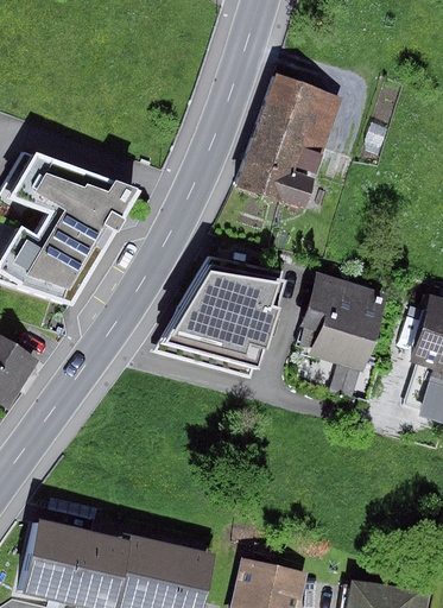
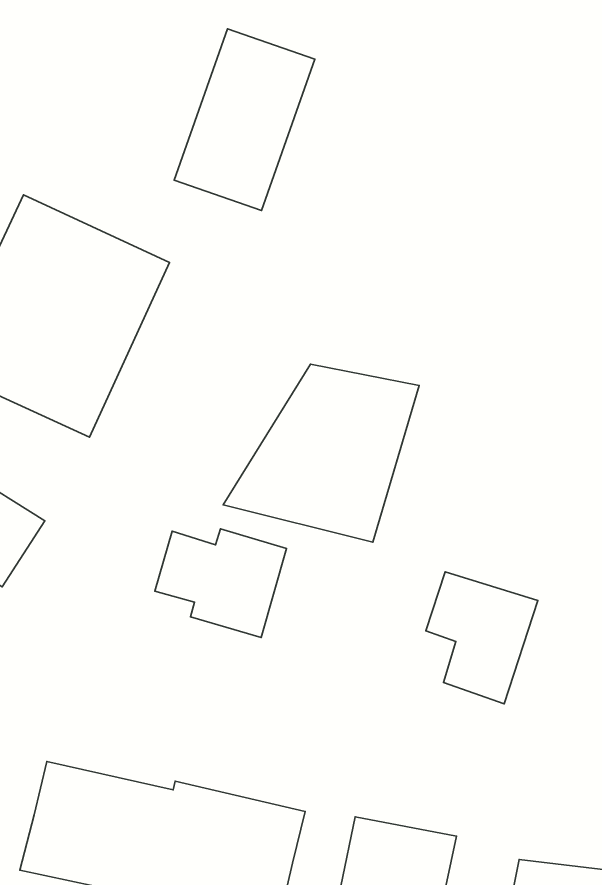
building: [242,82,336,203] -> [174,29,315,211]
building: [304,278,379,366] -> [426,572,538,704]
building: none -> [155,529,286,638]

